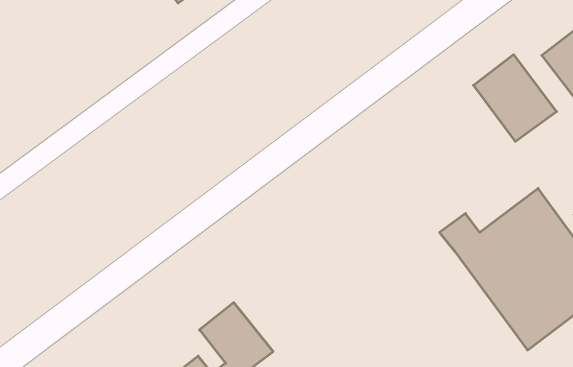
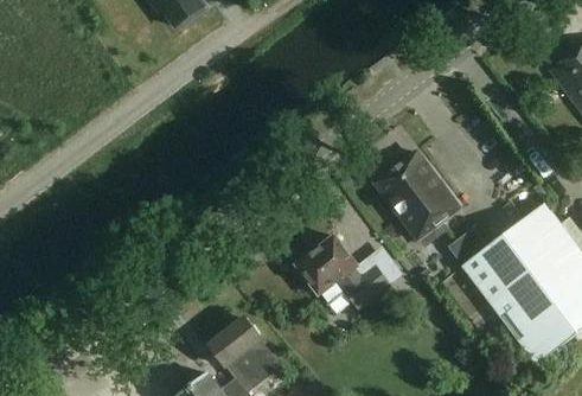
building: [473,55,557,141] -> [375,151,458,237]
building: none -> [295,234,388,306]

